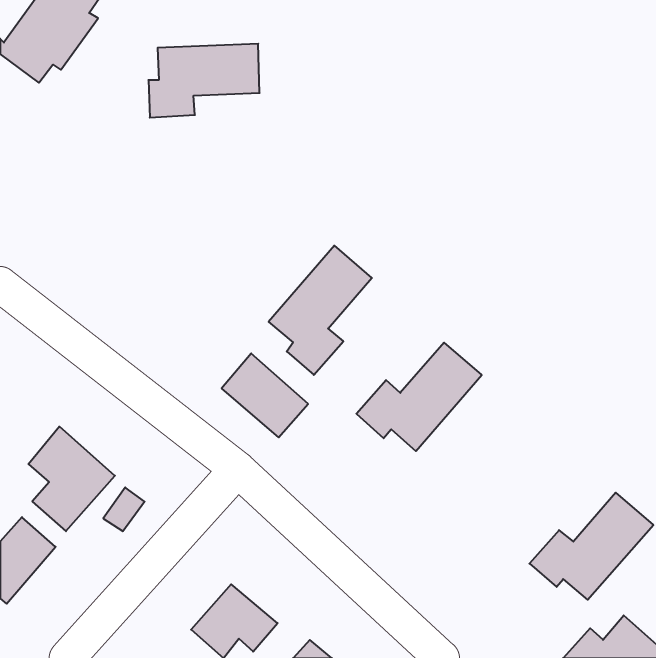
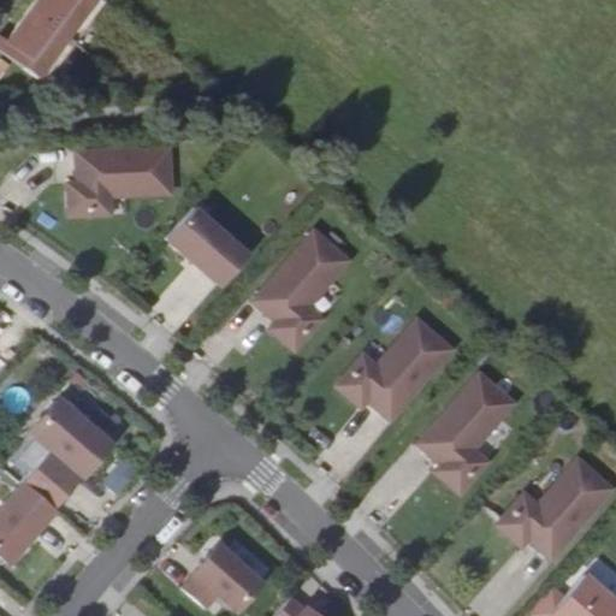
building: [148,44,260,118] -> [69,147,172,215]
building: [222,353,308,437] -> [166,206,247,284]
building: none -> [417,373,514,493]

